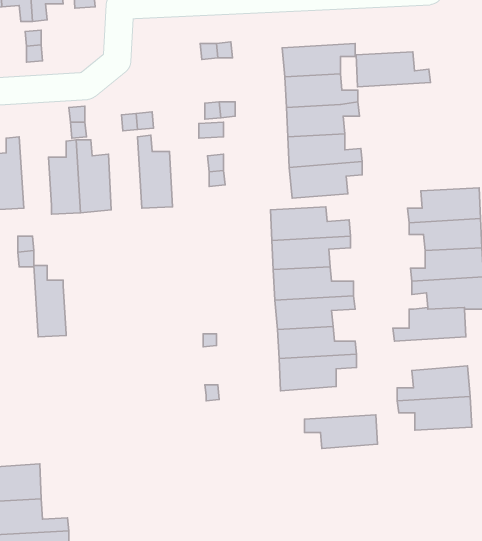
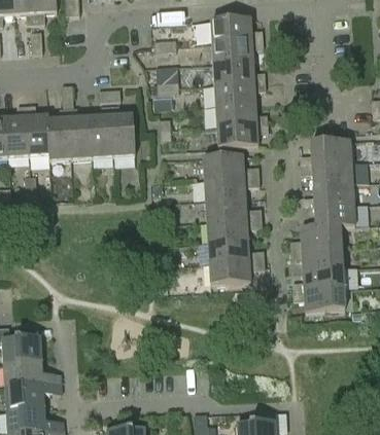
building: [356,52,430,87] -> [211,17,264,42]
building: none -> [90,105,113,156]
building: [34,265,66,337] -> [27,105,49,155]
building: [304,415,377,448] -> [291,246,343,269]

